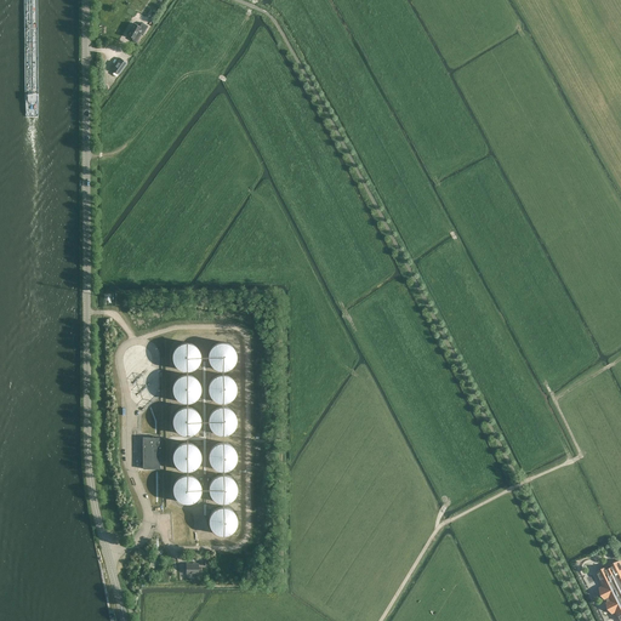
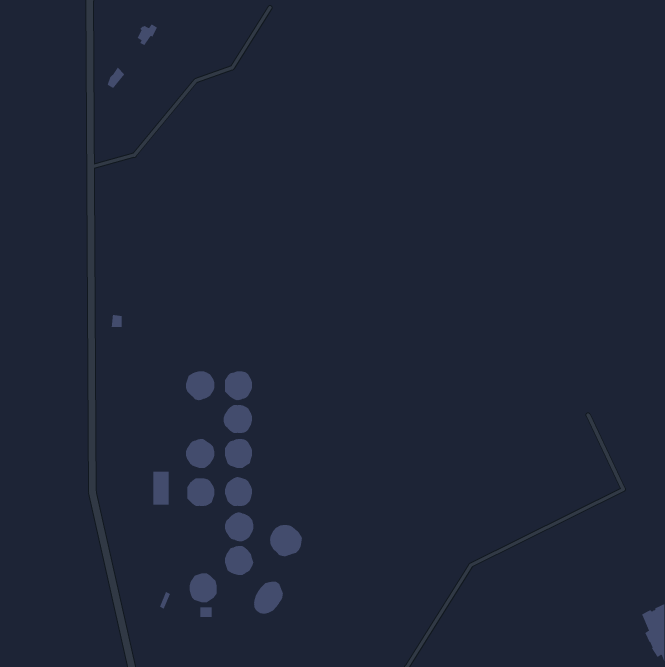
building: [172,376,200,404] -> none
building: [172,475,199,503] -> [189,573,217,603]
building: none -> [270,524,302,557]
building: none -> [254,581,283,614]

